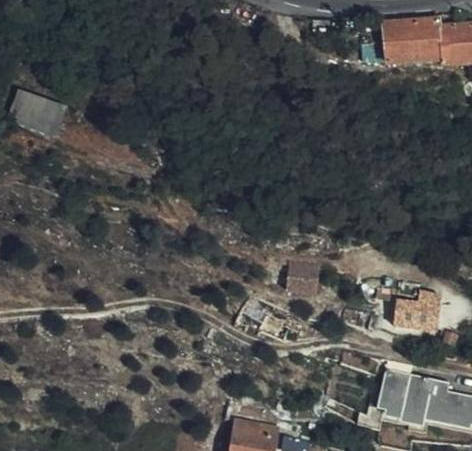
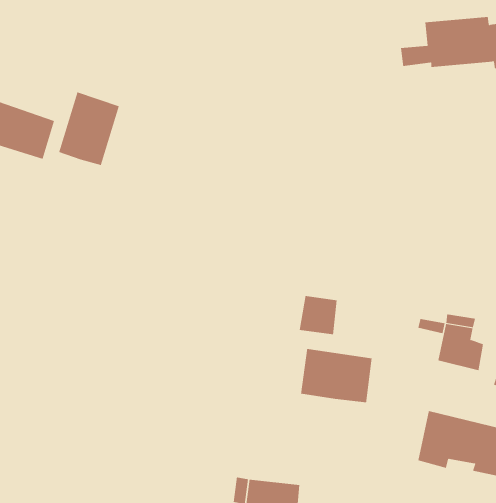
building: none -> [58,91,119,166]
building: none -> [301,348,372,403]

